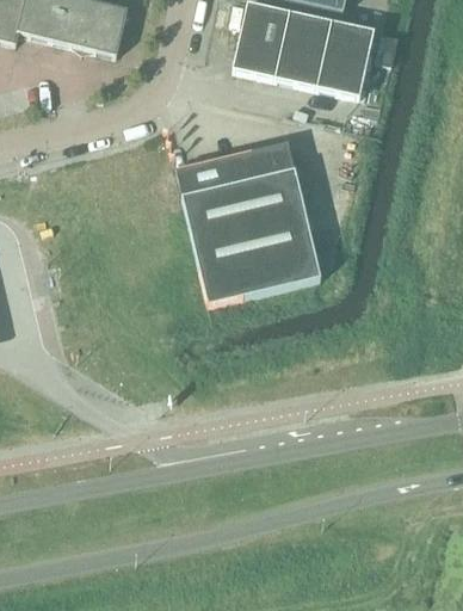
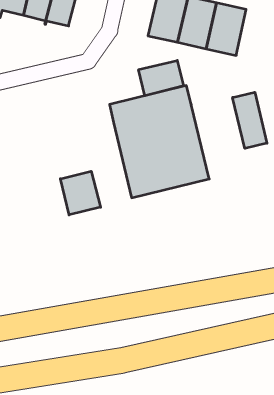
building: none -> [139,60,184,96]
building: none -> [233,92,267,148]
building: none -> [60,171,101,215]

